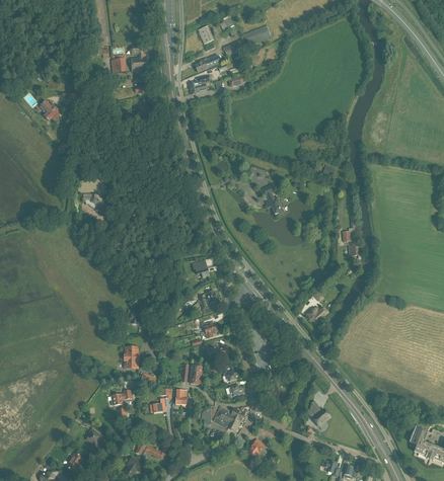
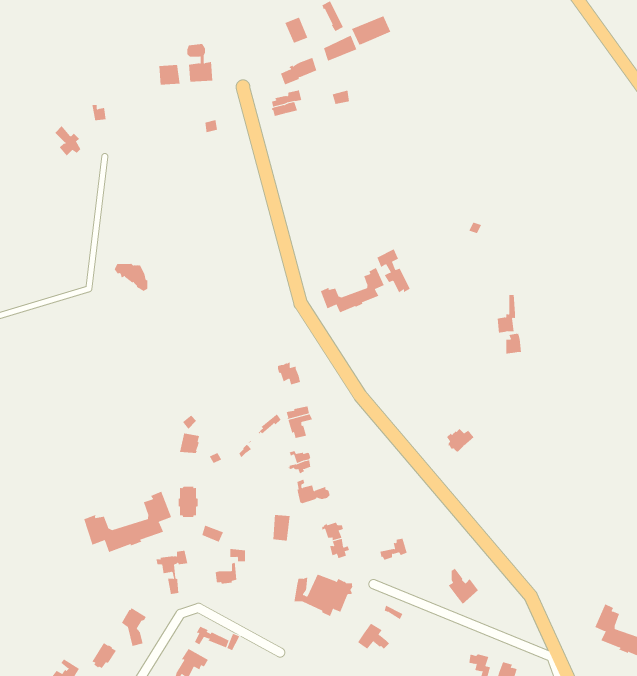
building: none -> [320,267,384,313]
building: none -> [83,491,172,553]

